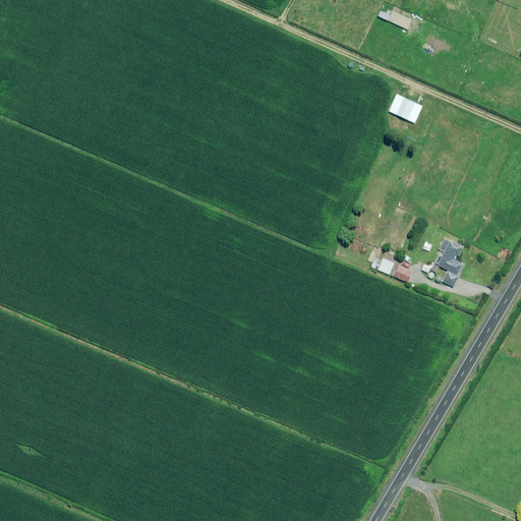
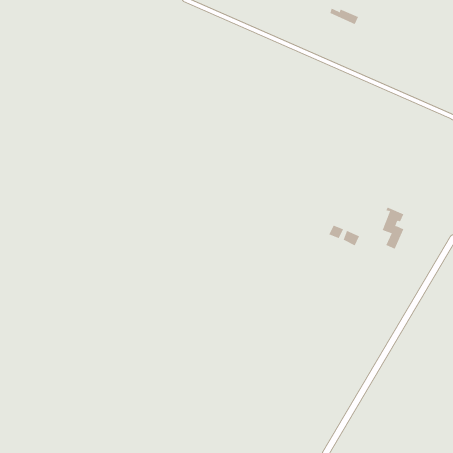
building: [389,94,421,122] -> none

